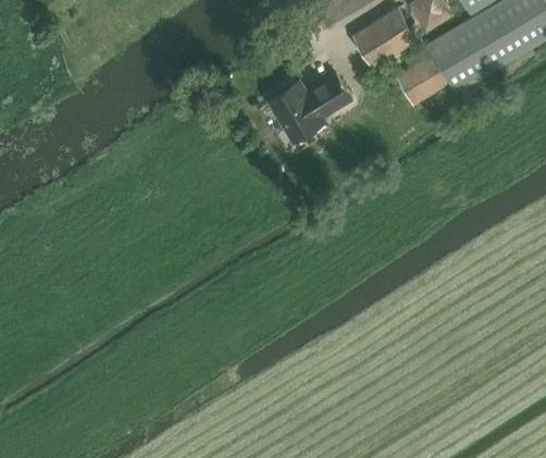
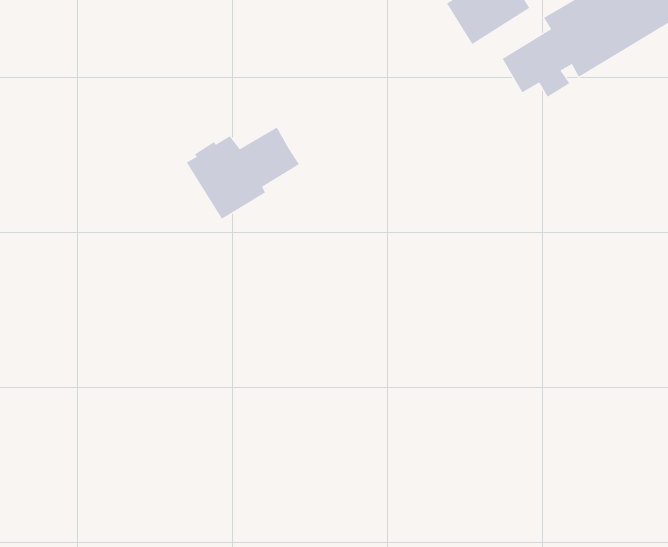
building: [265,71,352,141] -> [186,127,300,220]

